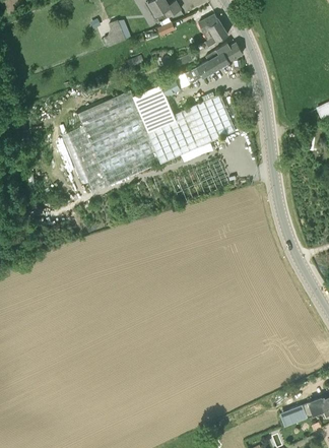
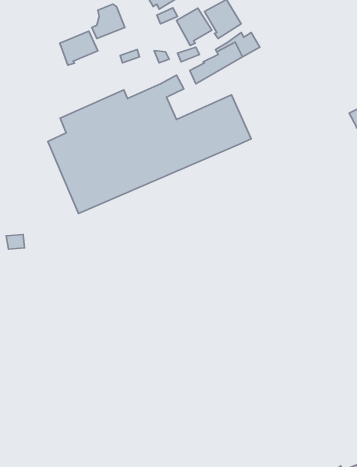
building: none -> [176,8,212,45]
building: none -> [60,31,98,65]

